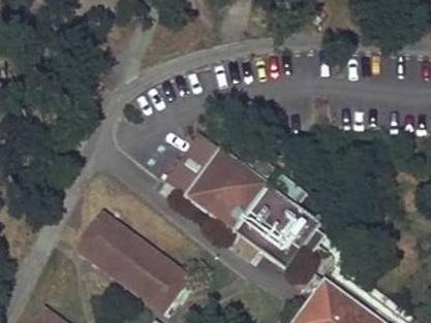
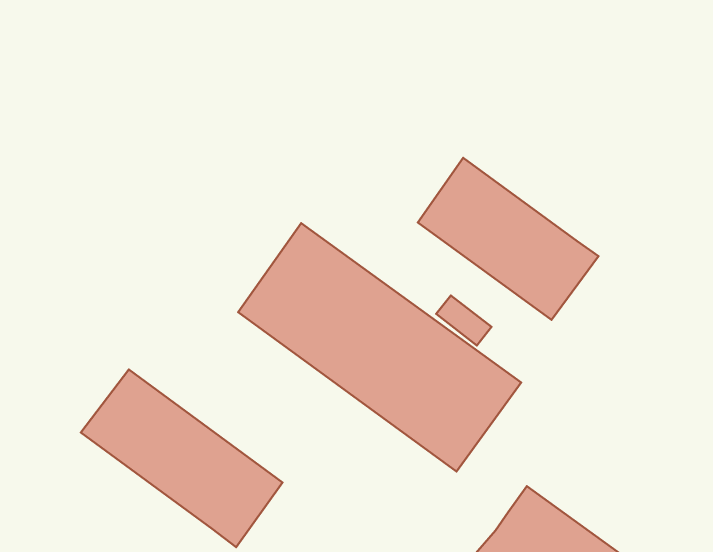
building: none -> [418,158,599,320]

